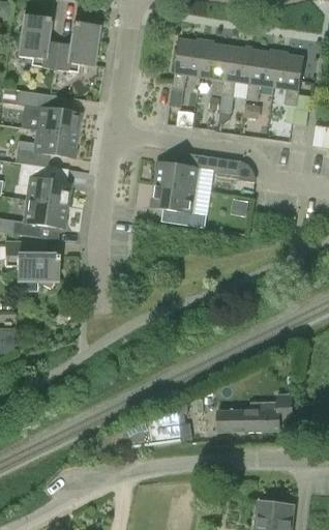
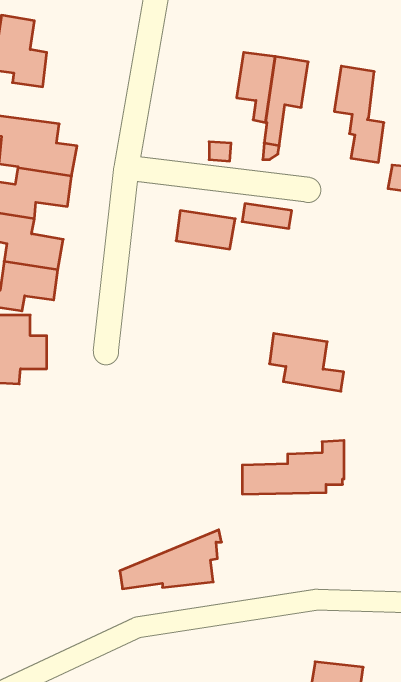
building: [56,23,99,72] -> none
building: [160,38,207,108] -> none
building: [247,50,280,113] -> none
building: [153,184,209,228] -> [269,333,344,391]
building: [219,392,296,433] -> [242,440,344,494]

